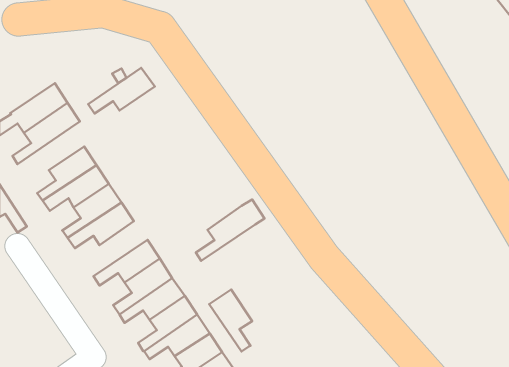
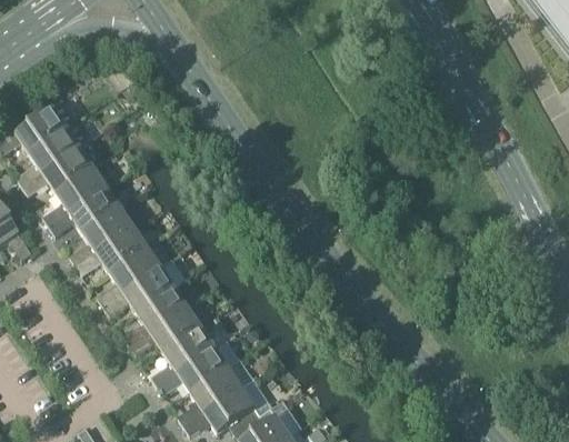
building: [88,68,155,114] -> [23,145,94,194]
building: [196,200,265,261] -> [99,239,172,304]
building: [209,289,252,351] -> none

